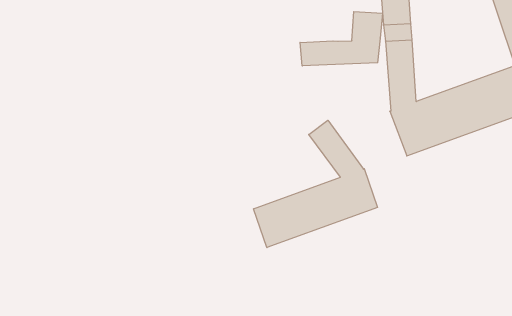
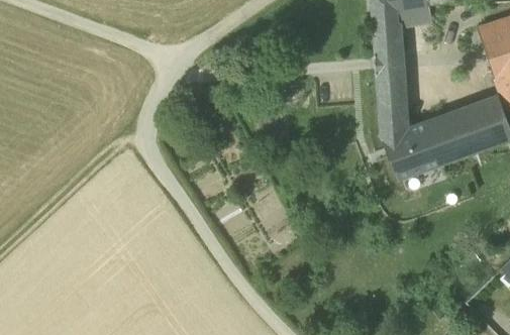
building: [300,12,382,66] -> none
building: [254,120,378,248] -> none

